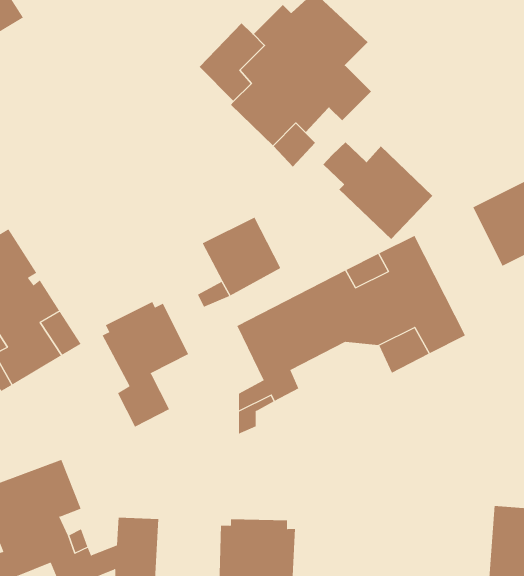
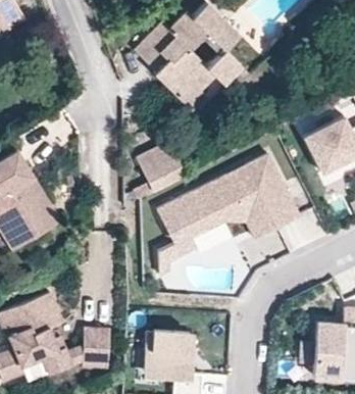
building: [322,141,433,240] -> none
building: [102,301,189,428] -> none

